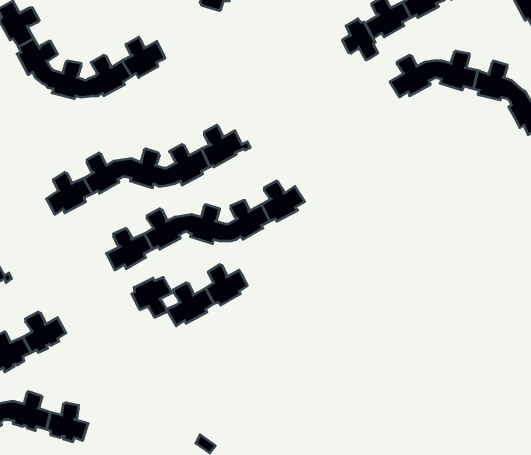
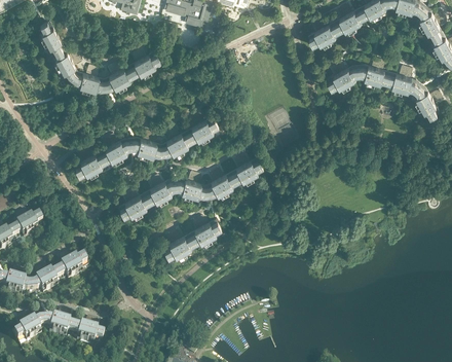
building: [342,19,378,60] -> none
building: [132,277,171,317] -> none

